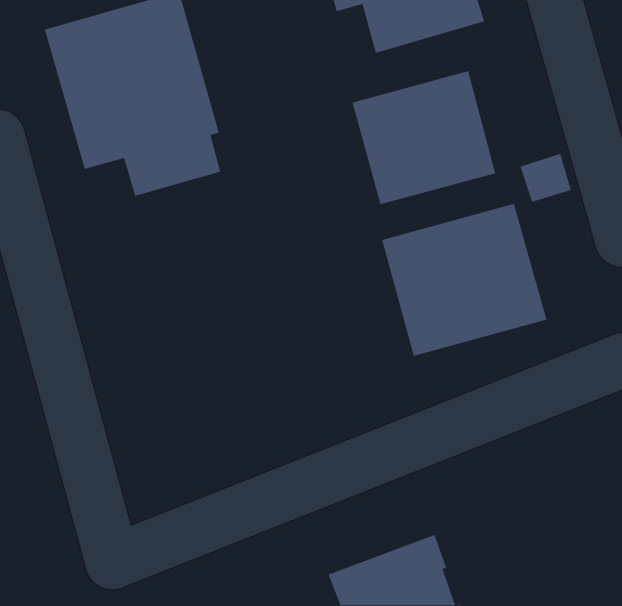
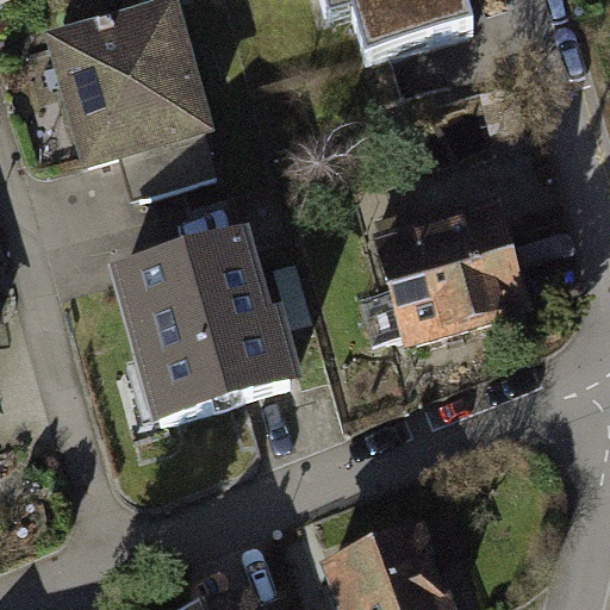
building: [351,70,496,205] -> none
building: none -> [111,234,299,424]

